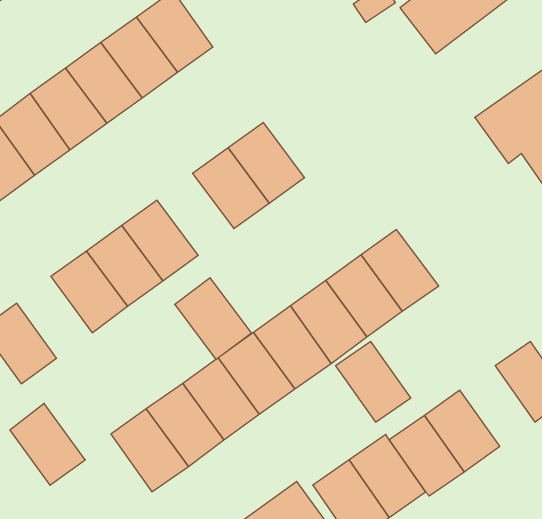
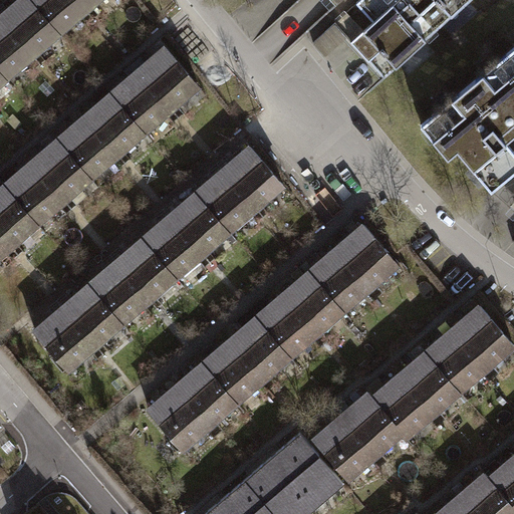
building: [175,278,251,360] -> [167,192,231,258]
building: [336,342,411,422] -> [426,328,489,394]
building: [10,403,85,485] -> [59,285,122,351]

